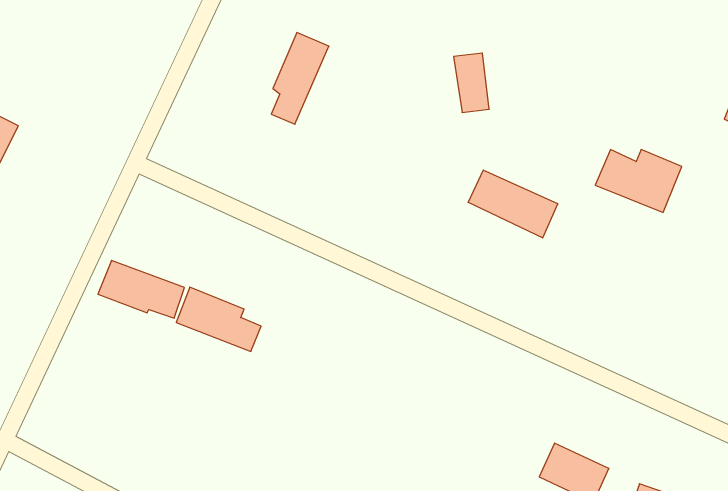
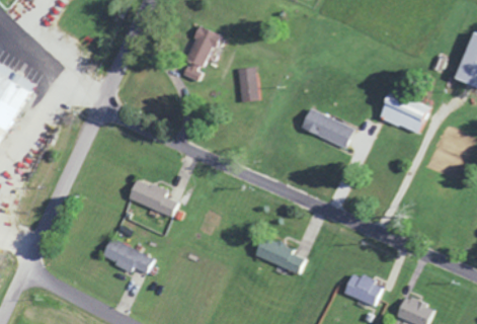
building: [454,53,489,112] -> [237,67,258,102]
building: [98,260,184,318] -> [101,239,153,273]
building: none -> [254,236,304,273]

